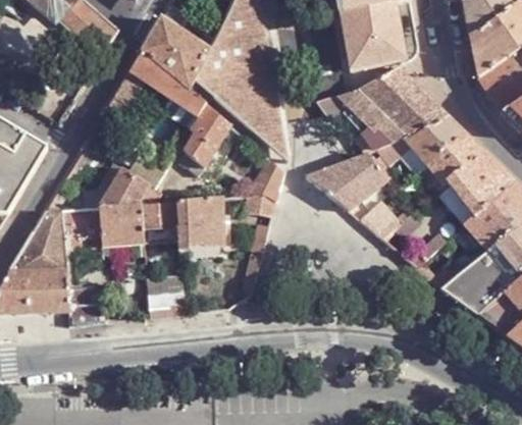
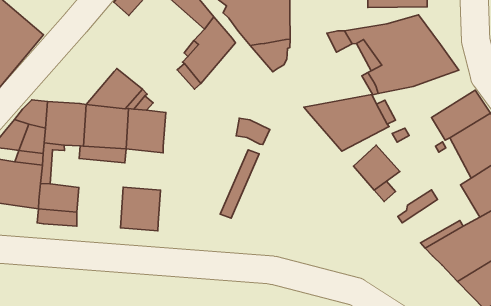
building: [405,115,464,164] -> none
building: [246,155,283,201] -> none
building: [175,197,223,251] -> none

